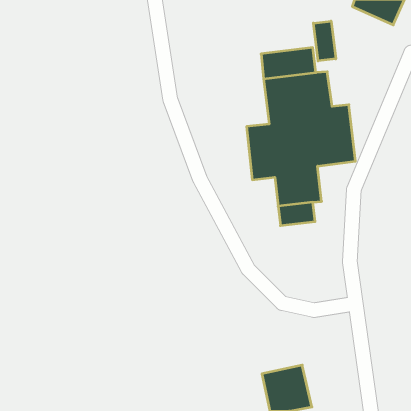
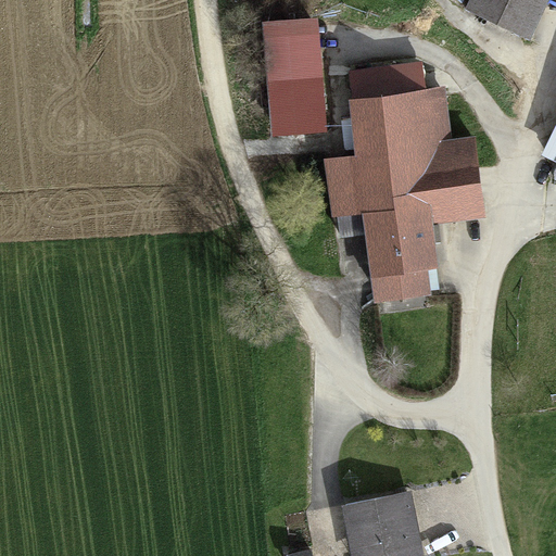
building: none -> [265,21,323,130]
building: [313,21,336,61] -> none

